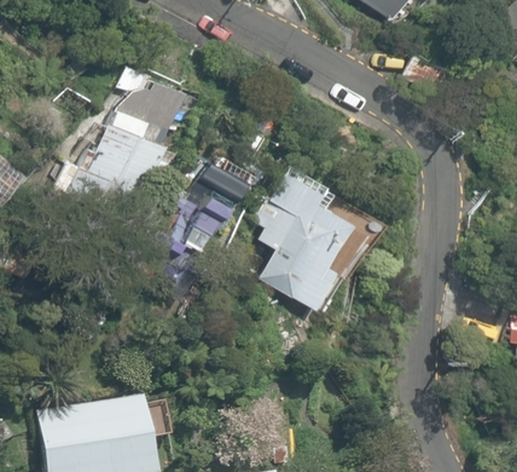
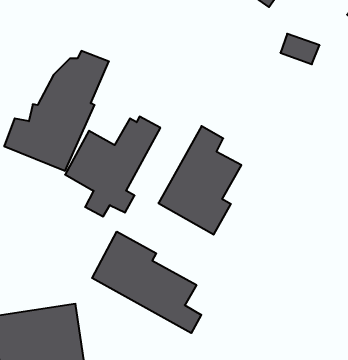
building: none -> [92,232,201,333]

